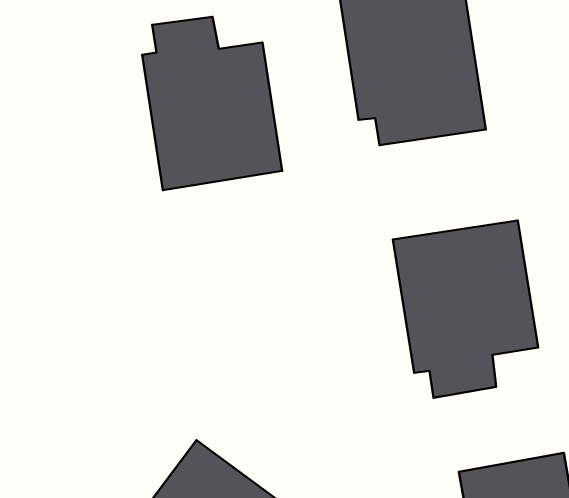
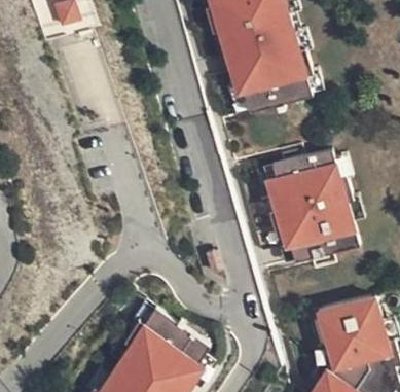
building: [142,17,282,190] -> none

